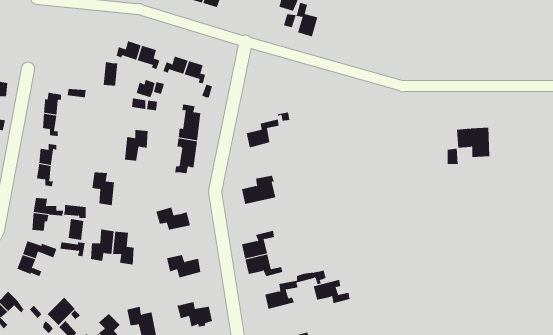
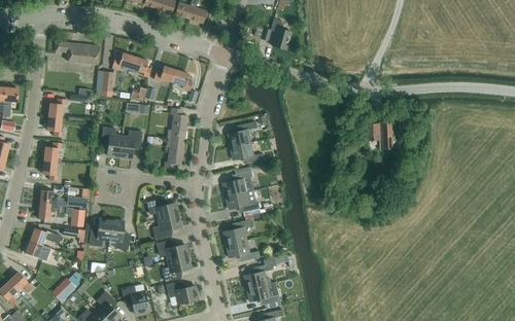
building: none -> [55,40,99,64]
building: [456,127,490,158] -> [368,121,398,148]
building: none -> [230,141,264,162]
building: [91,172,115,206] -> [101,127,122,156]
building: none -> [226,189,260,211]
building: none -> [153,214,181,239]
building: none -> [163,255,191,280]
building: [313,279,350,304] -> [246,282,279,304]

